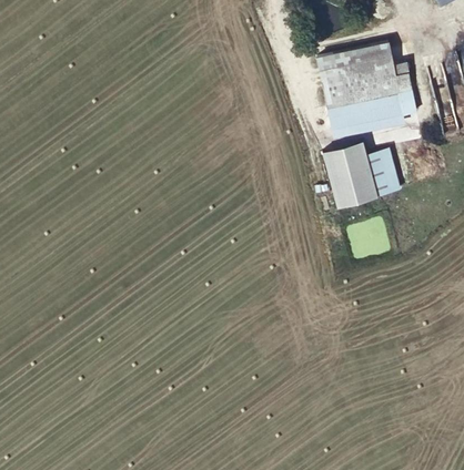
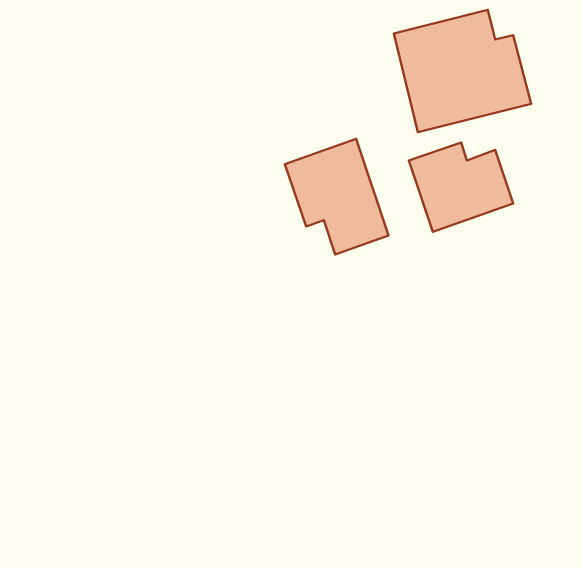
building: none -> [285,139,389,255]

